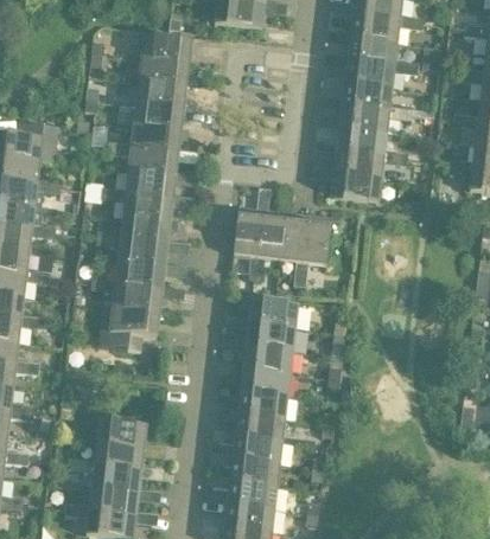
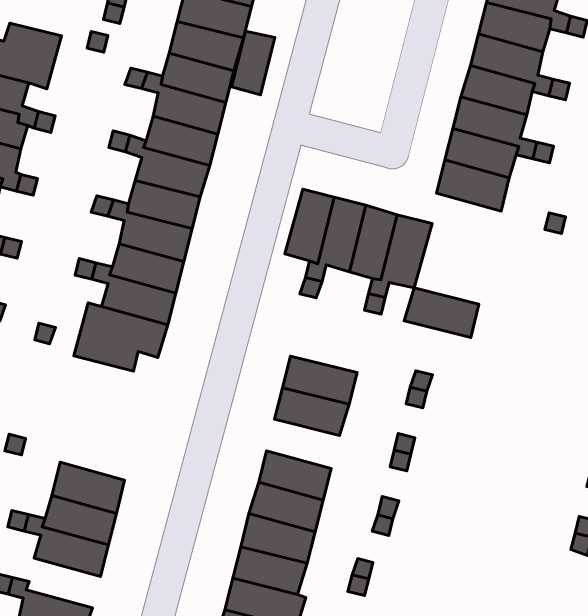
building: none -> [231,31,275,95]
building: [248,297,298,326] -> [404,288,479,337]
building: [241,366,289,394] -> none
building: [89,486,139,514] -> none

